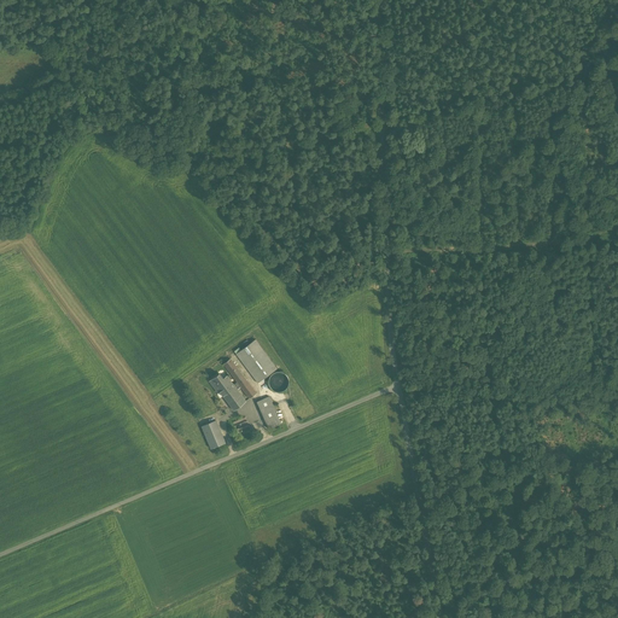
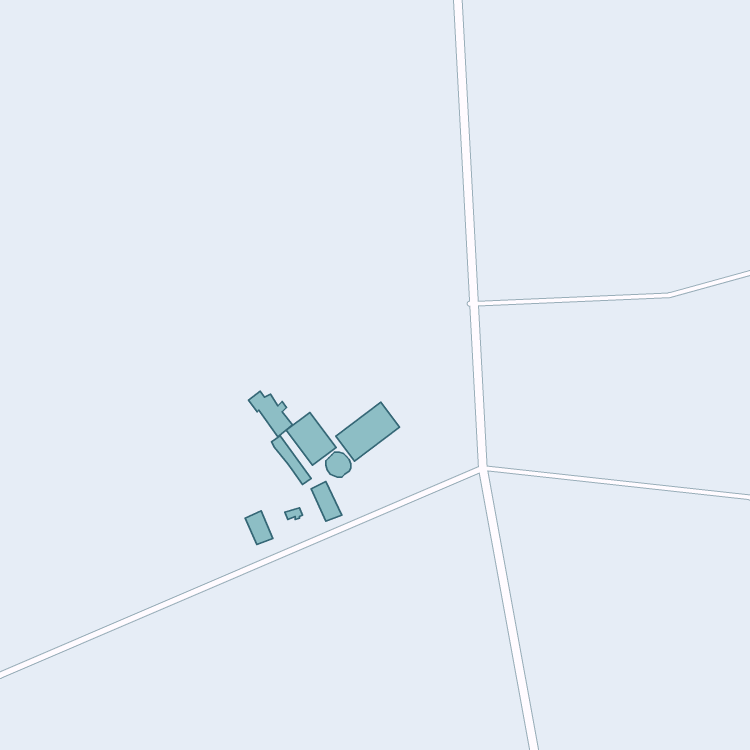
building: none -> [336,402,400,461]
building: [209,373,245,410] -> [249,391,293,437]

